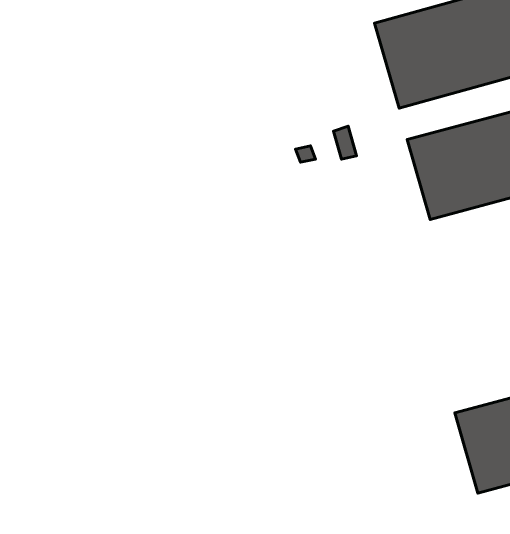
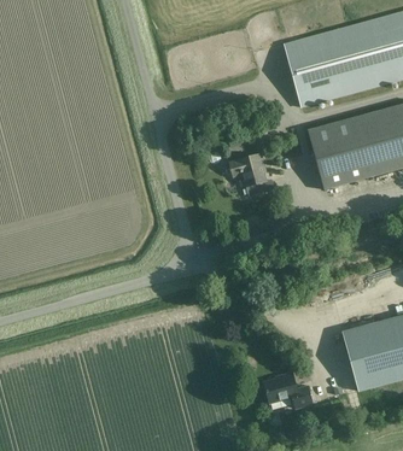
building: none -> [228,153,273,195]
building: none -> [263,373,311,408]

